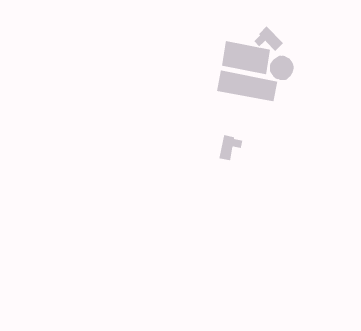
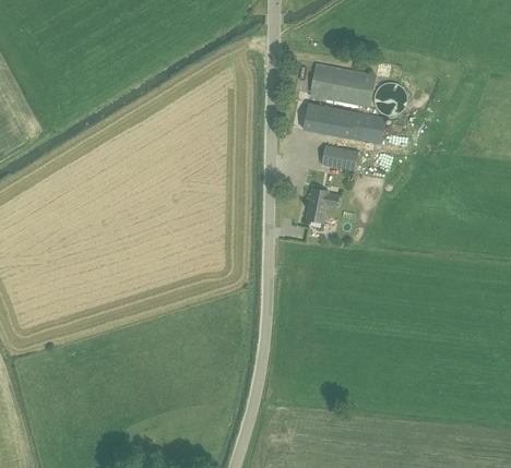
building: [253,26,284,52] -> none
building: none -> [321,145,357,170]

